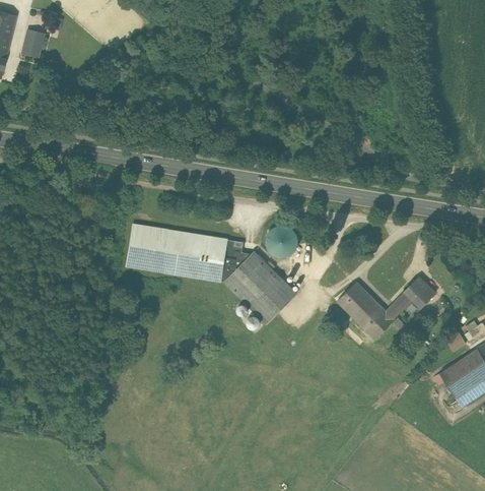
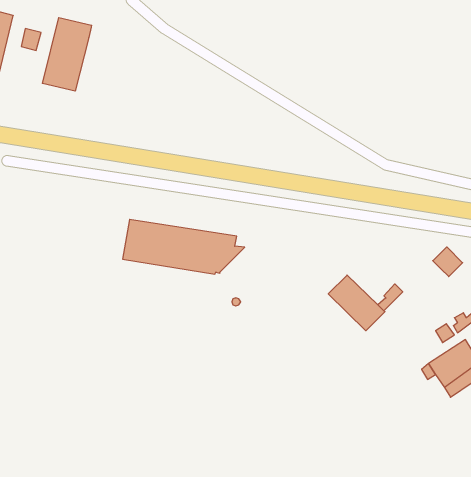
building: none -> [42,18,92,91]
building: [266,225,298,257] -> none
building: [224,251,296,323] -> none
building: [405,277,435,307] -> [433,247,463,277]

